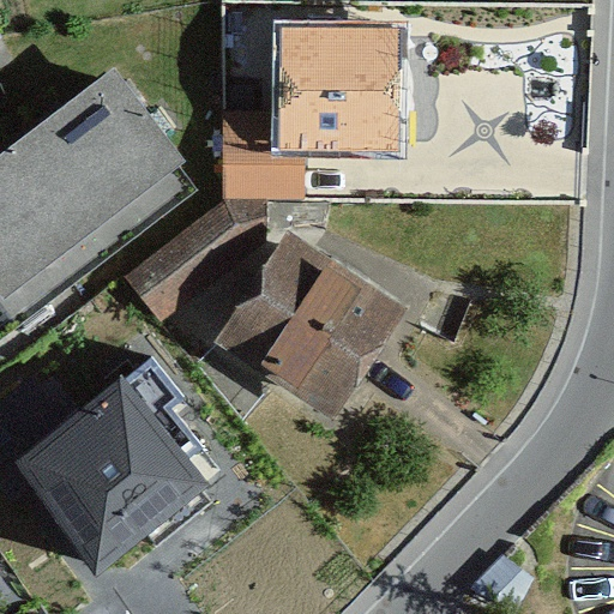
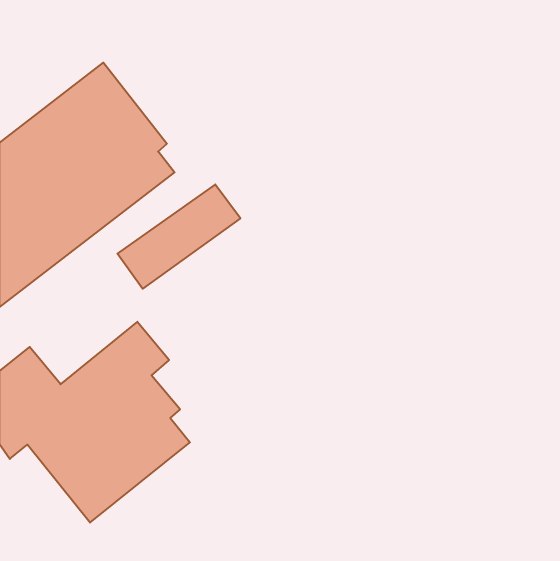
building: [222,29,396,199] -> none
building: [216,233,401,417] -> none

